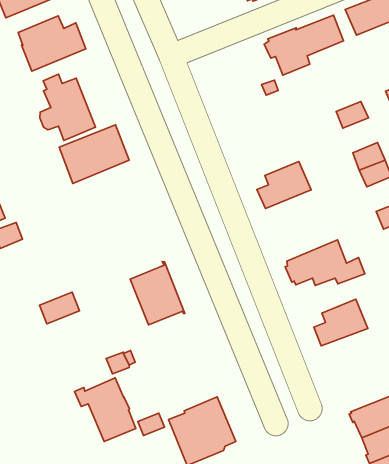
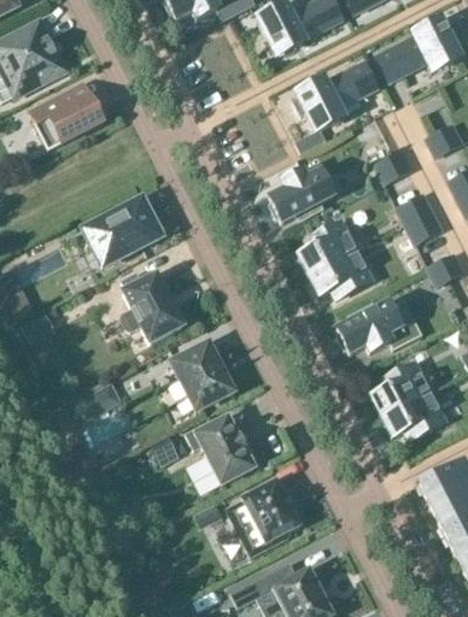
building: [40,74,96,140] -> [122,271,182,341]
building: none -> [269,169,334,222]
building: none -> [310,249,373,298]
building: none -> [382,392,445,439]
building: [74,378,136,442] -> [186,415,255,483]

